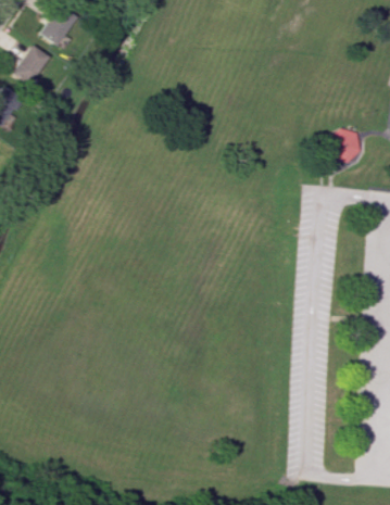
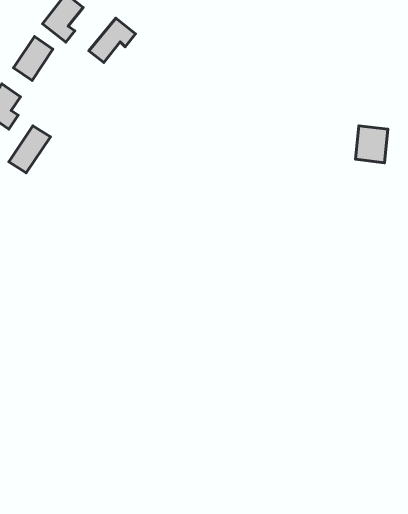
building: none -> [89,18,135,63]
building: none -> [9,126,50,173]

